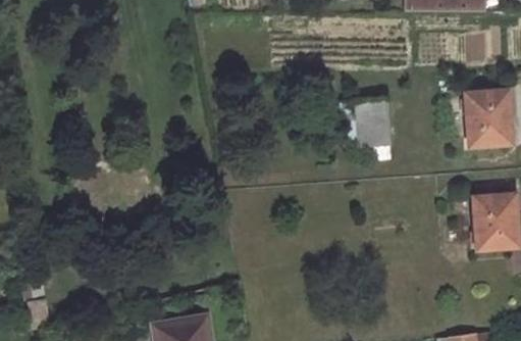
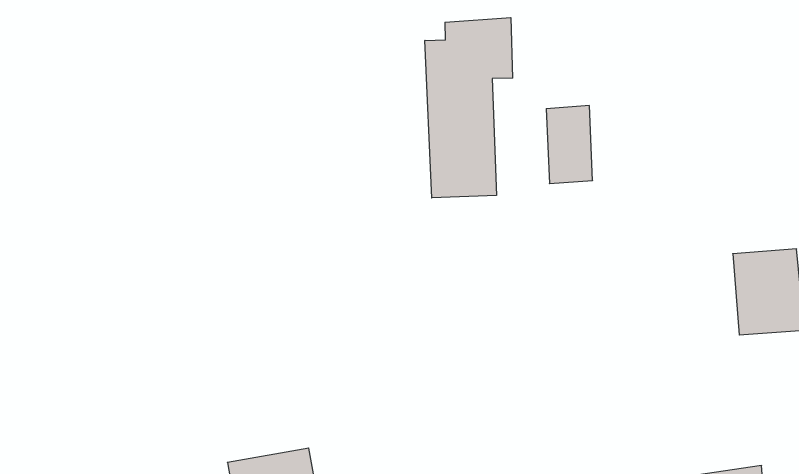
building: none -> [425,18,513,198]
building: [467,88,513,145] -> none

